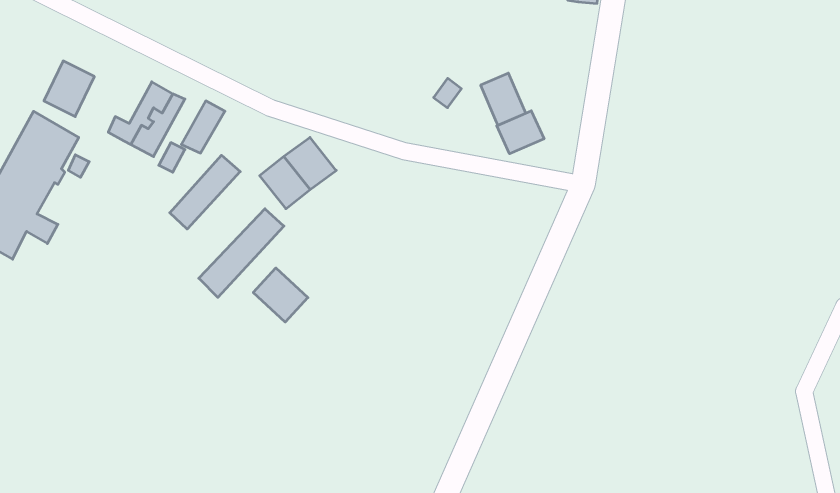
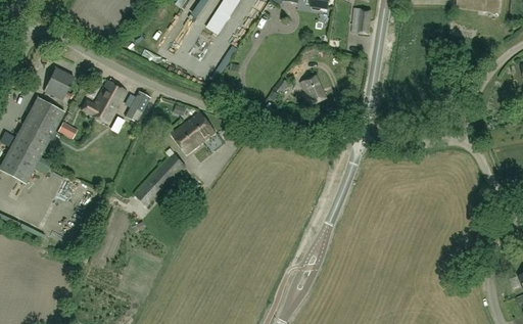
building: [497,111,544,154] -> none
building: [170,155,240,229] -> none
building: [253,268,308,322] -> none

